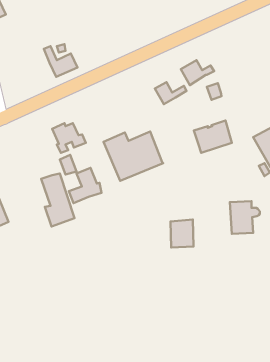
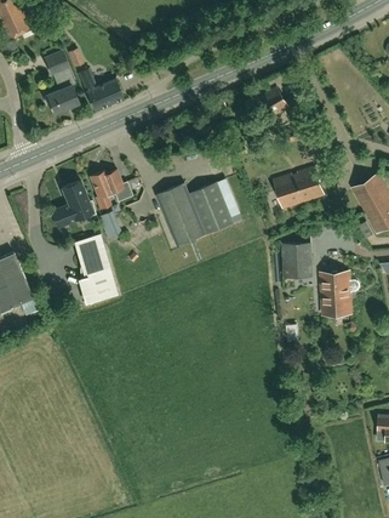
building: none -> [44,51,78,113]
building: [155,82,187,104] -> none
building: [69,168,102,203] -> [52,181,95,227]
building: [170,220,194,247] -> [282,241,313,278]

